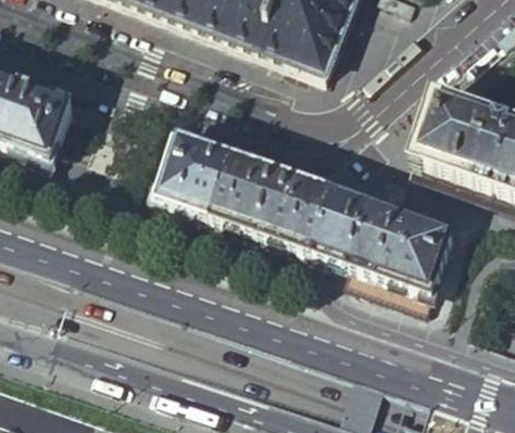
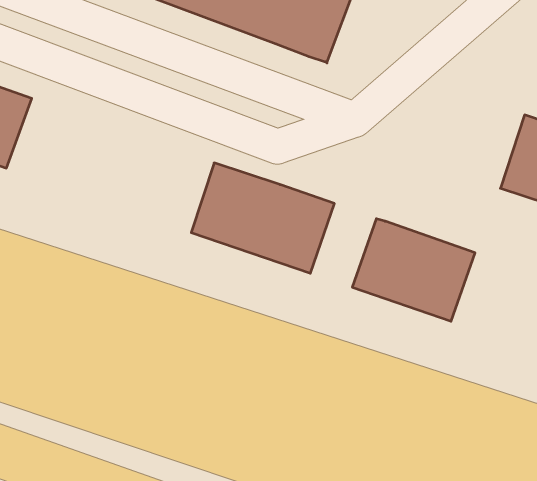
building: [417,98,499,180] -> none
building: [158,139,233,218] -> none
building: [315,193,372,265] -> none

